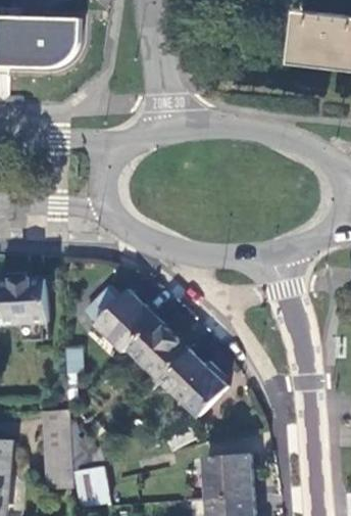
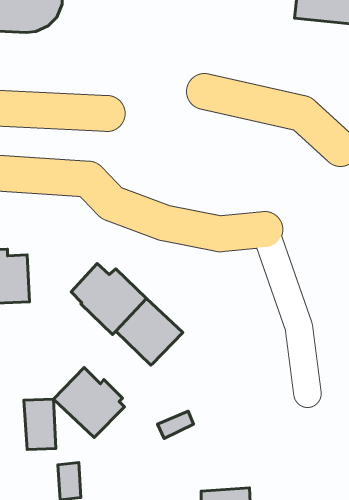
building: [161,349,228,415] -> [53,367,125,437]
building: [205,454,252,498] -> none
building: [45,458,73,488] -> none

